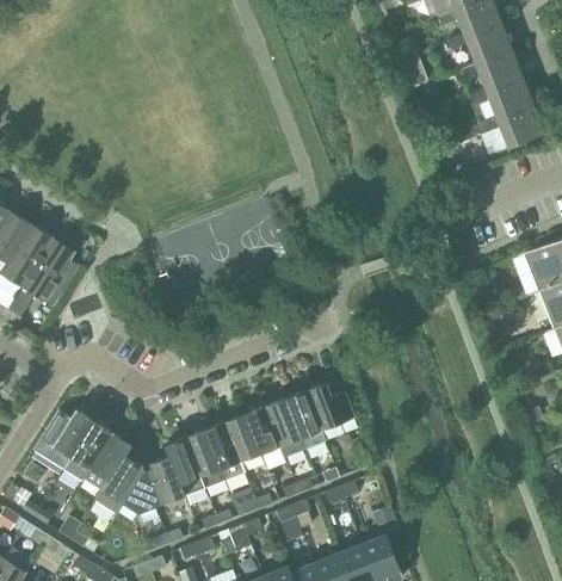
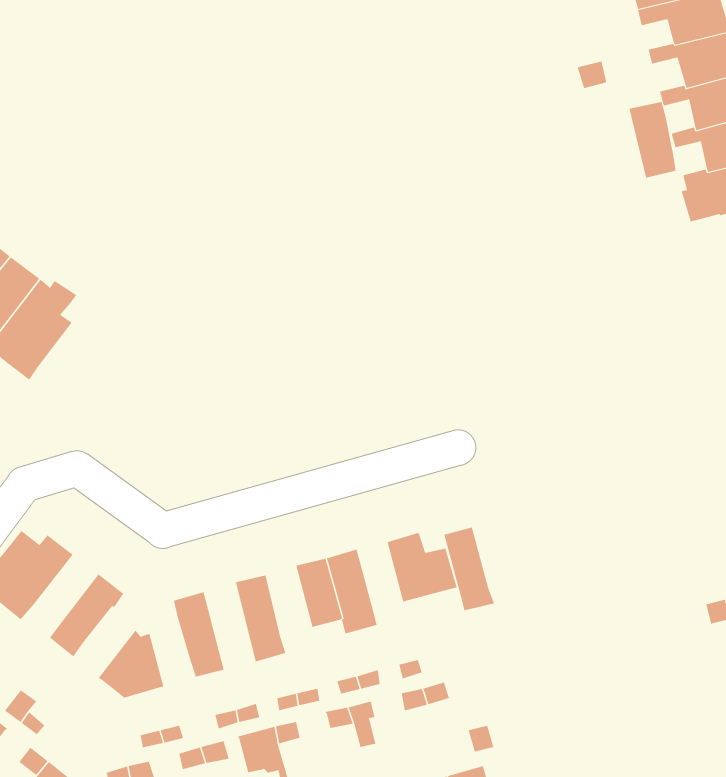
building: none -> [629,101,676,179]
building: [286,390,326,447] -> [443,527,495,611]
building: [227,413,261,462] -> none
building: [64,421,113,481] -> none
building: [186,428,226,488] -> none
building: [95,444,144,513] -> none
building: [149,456,186,503] -> none

